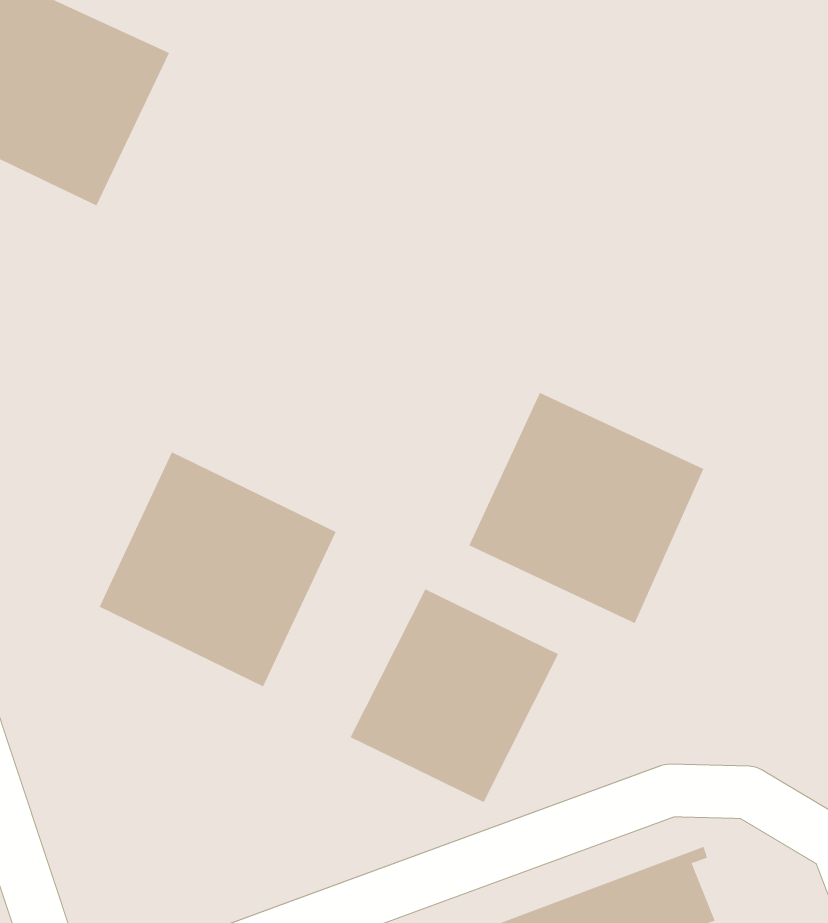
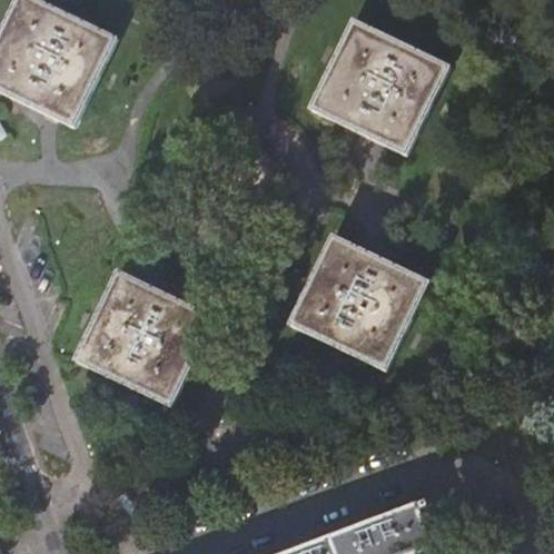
building: none -> [309,19,448,156]
building: [350,588,559,803] -> none

